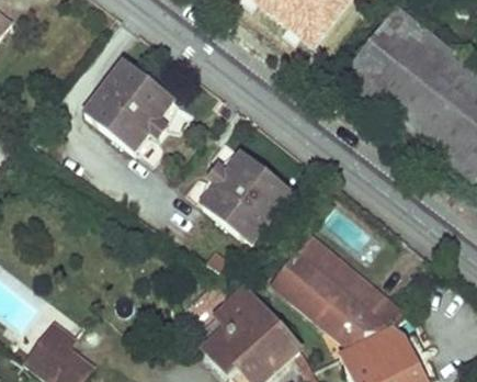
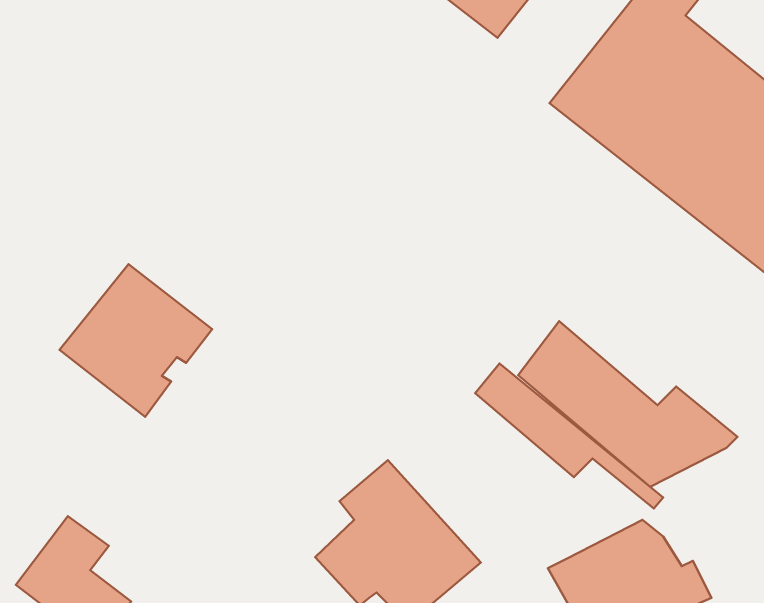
building: [81,64,171,154] -> [60,264,212,417]
building: [196,150,286,240] -> none
building: [273,249,402,347] -> [518,321,738,487]

